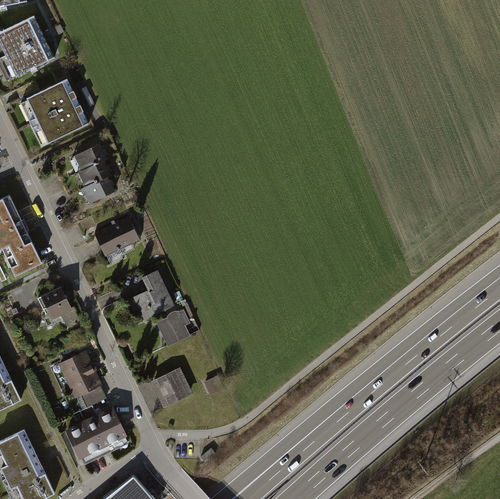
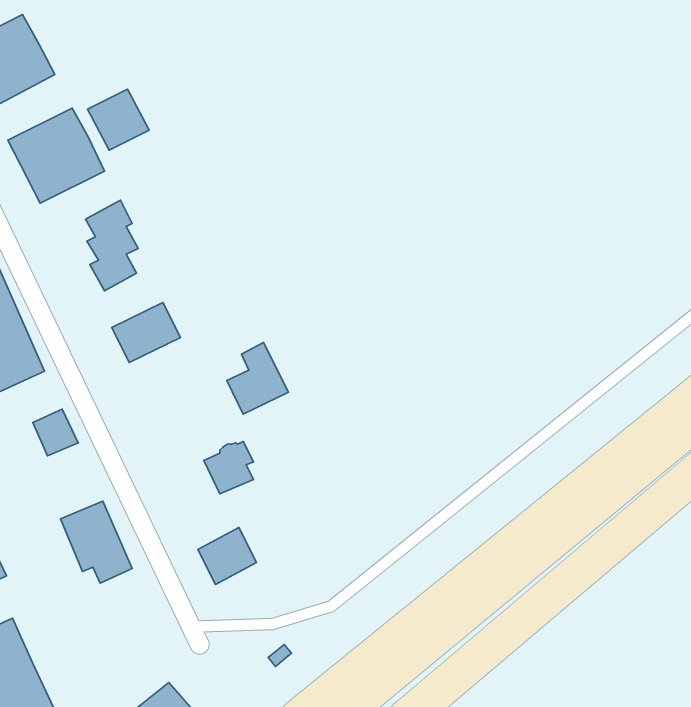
building: none -> [88,89,149,150]
building: [131,270,173,319] -> [227,342,288,414]
building: [67,407,127,462] -> none

